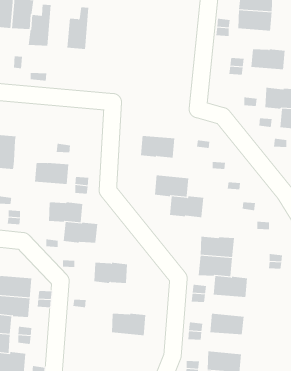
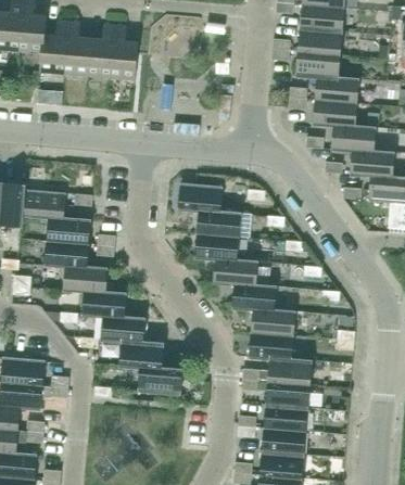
building: none -> [64,22,90,75]
building: none -> [111,25,138,79]
building: none -> [296,51,340,77]
building: none -> [313,99,356,126]
building: none -> [23,190,65,217]
building: none -> [198,209,241,237]
building: none -> [45,241,88,267]
building: none -> [232,283,276,310]
building: none -> [101,316,144,342]
building: none -> [266,381,309,408]
building: [111,313,146,336] -> [139,366,182,394]
building: none -> [262,427,305,455]

